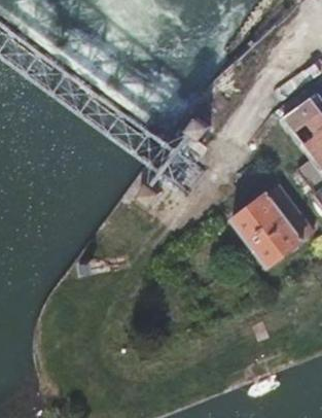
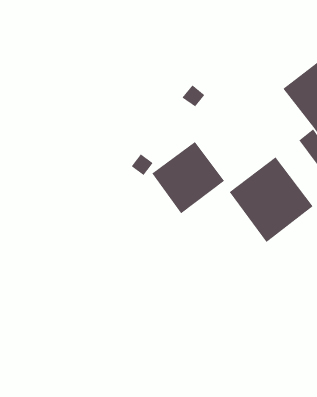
building: none -> [152,141,225,214]

